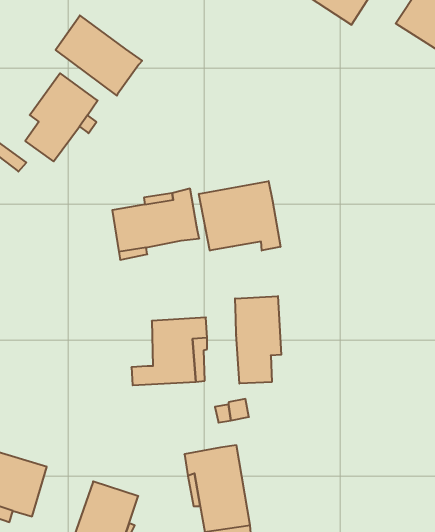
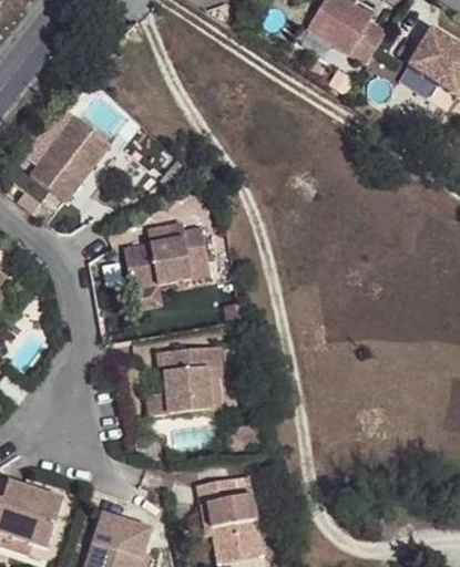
building: [56,15,142,96] -> none
building: [199,181,280,251] -> none
building: [235,296,281,384] -> none

